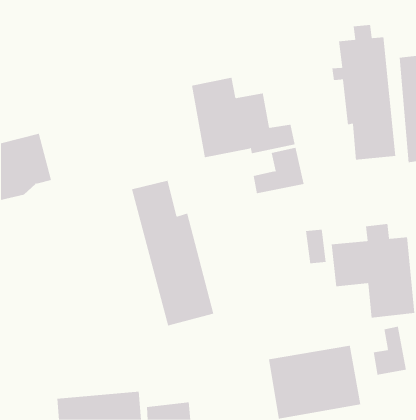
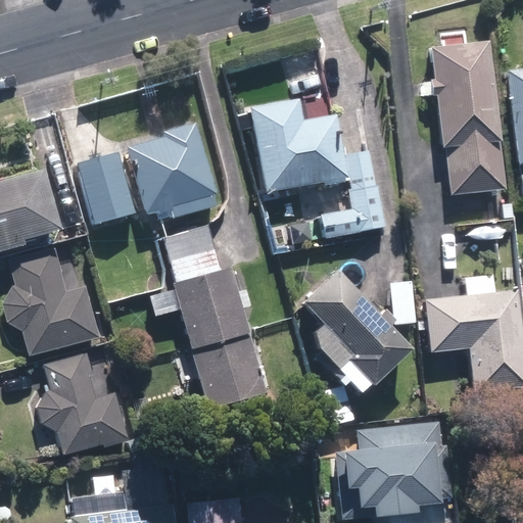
building: none -> [79,117,228,225]
building: none -> [9,246,106,352]
building: none -> [291,276,402,392]
building: none -> [47,349,135,450]
building: [373,326,407,375] -> none

